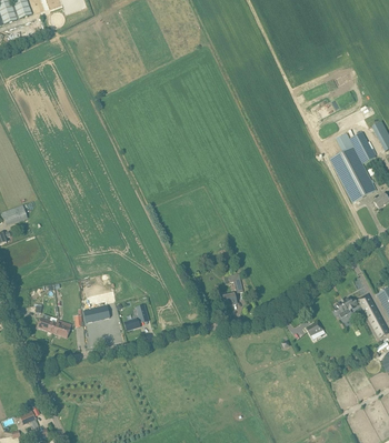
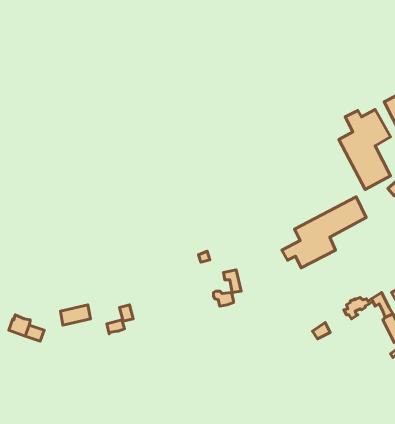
building: none -> [282,197,366,268]

